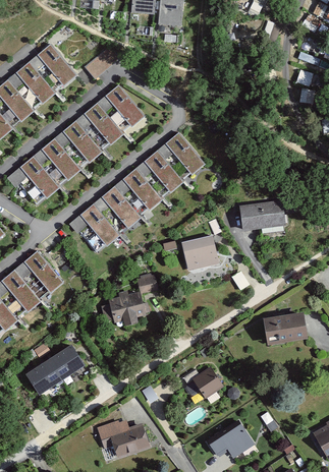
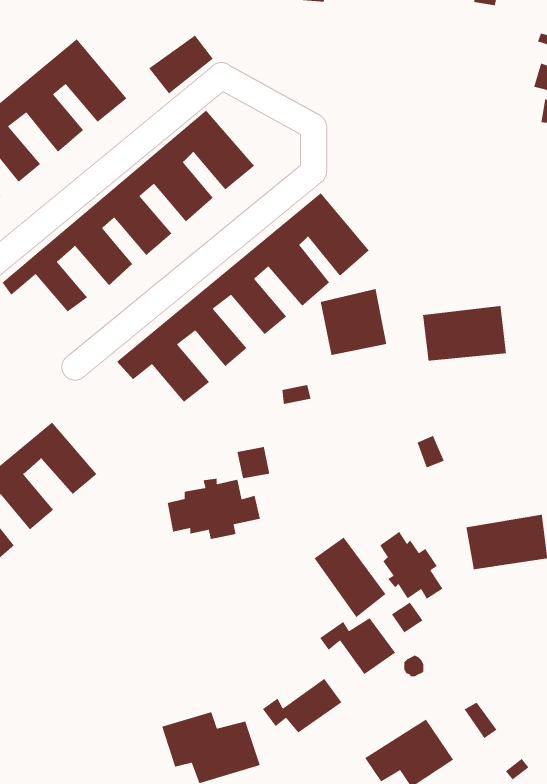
building: [180,231,217,268] -> [320,288,387,356]
building: none -> [379,531,443,634]
building: none -> [314,537,387,618]
building: [23,348,84,398] -> none
building: none -> [262,678,342,733]

